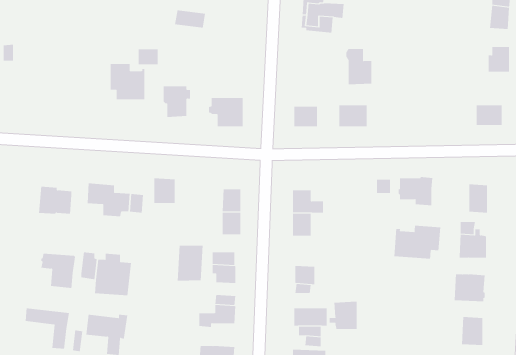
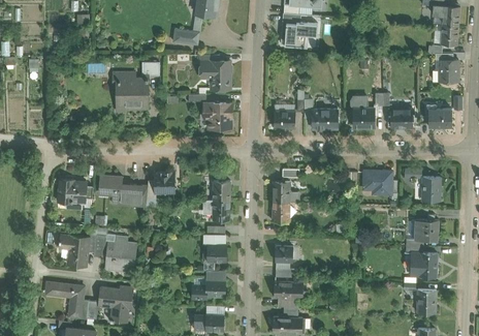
building: [345,48,372,85] -> [351,97,374,128]
building: [163,86,191,117] -> [207,62,231,89]
building: none -> [388,109,412,127]
building: [394,225,441,259] -> none
building: [177,245,203,281] -> none
building: [329,301,357,330] -> none

